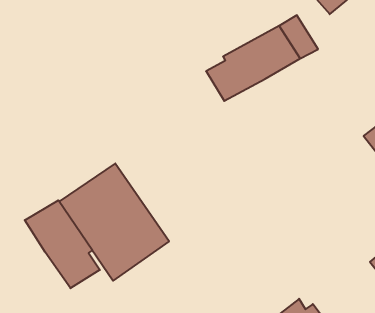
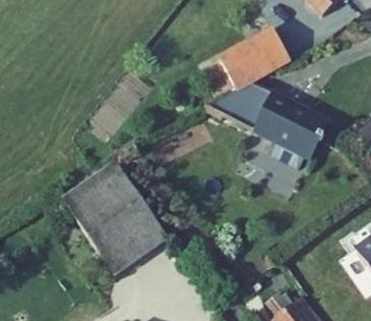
building: none -> [217,81,328,159]
building: [25,200,100,288] -> none

